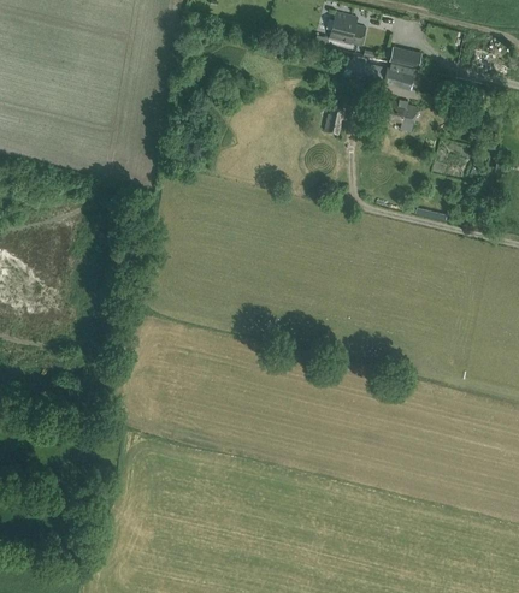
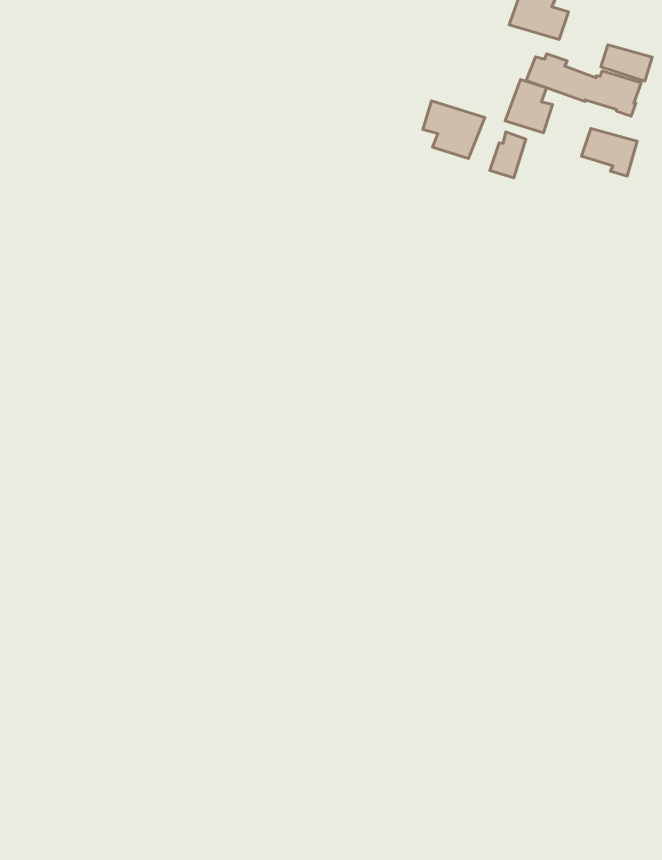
building: none -> [505,80,552,133]
building: none -> [423,101,485,159]

